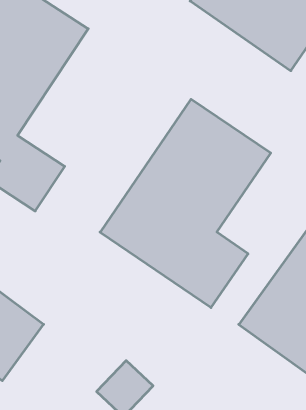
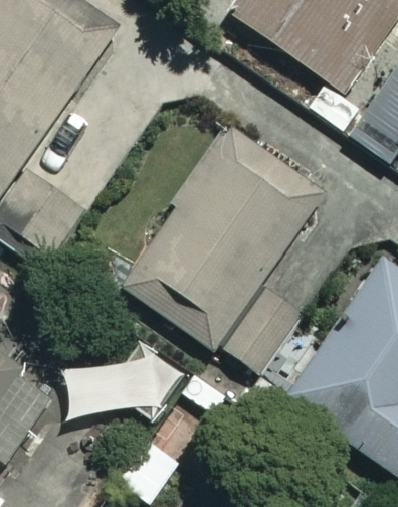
building: none -> [60,353,177,418]

